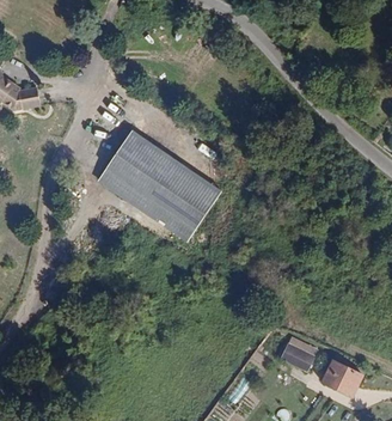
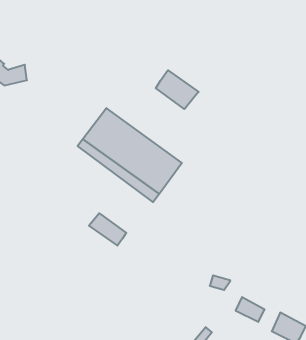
building: none -> [156,70,199,109]
building: none -> [89,213,126,246]

